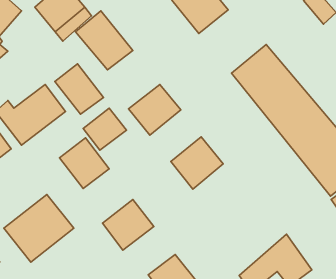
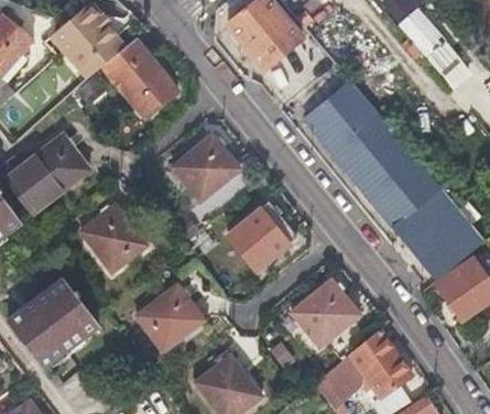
building: [55,64,103,114] -> none
building: [83,108,126,150] -> none
building: none -> [291,281,359,348]

